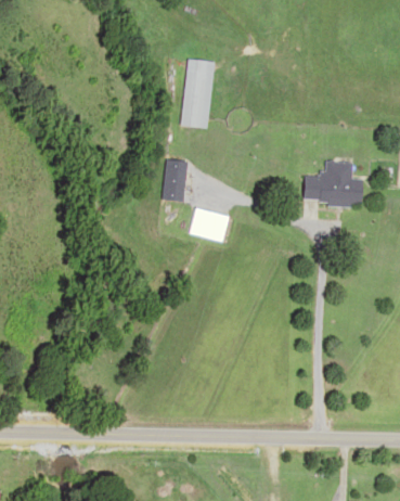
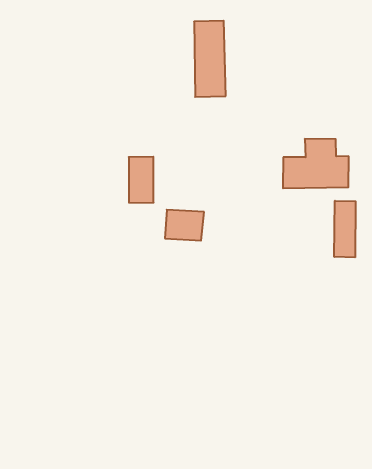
building: [182,60,215,128] -> [194,21,226,97]
building: none -> [334,201,356,257]

